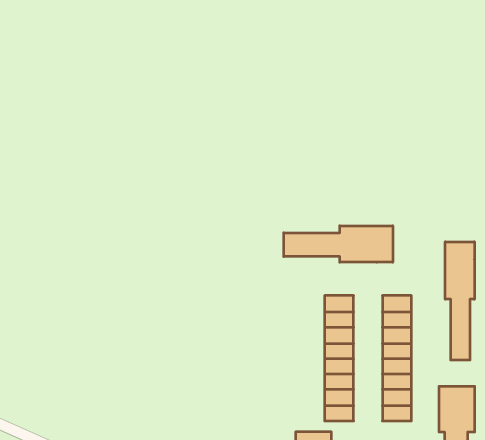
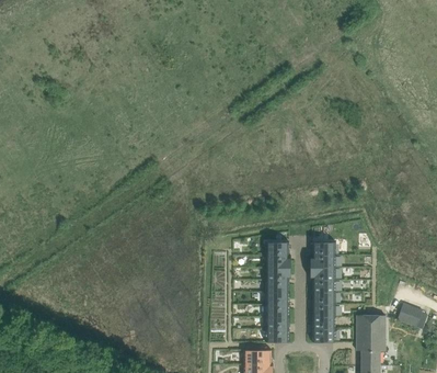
building: [284,226,393,262] -> none
building: [445,242,474,360] -> none

